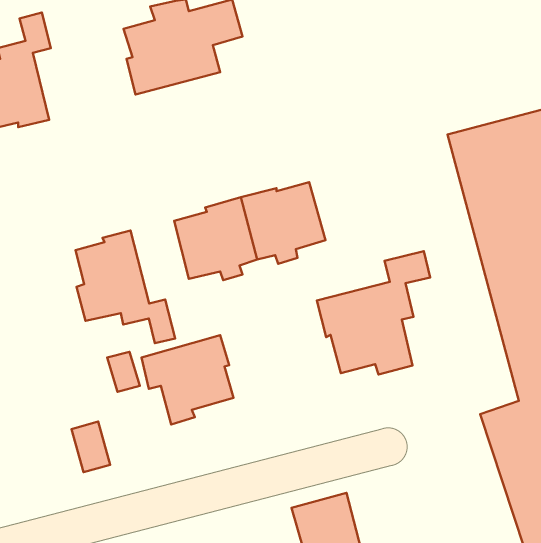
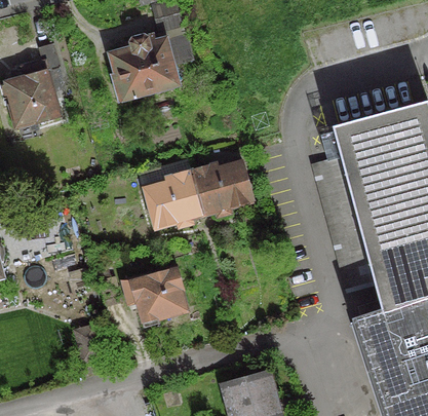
building: [75,230,175,343] -> none
building: [317,251,430,374] -> none

